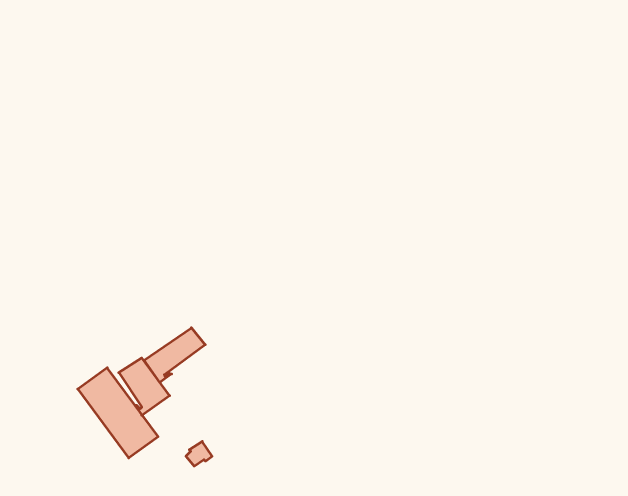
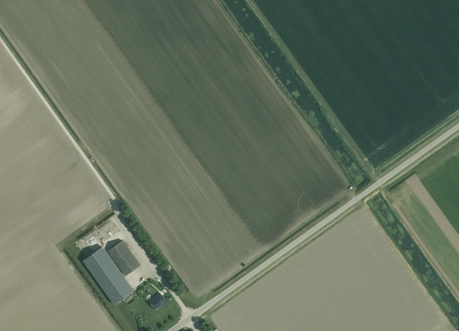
building: [144,328,205,383] -> none

